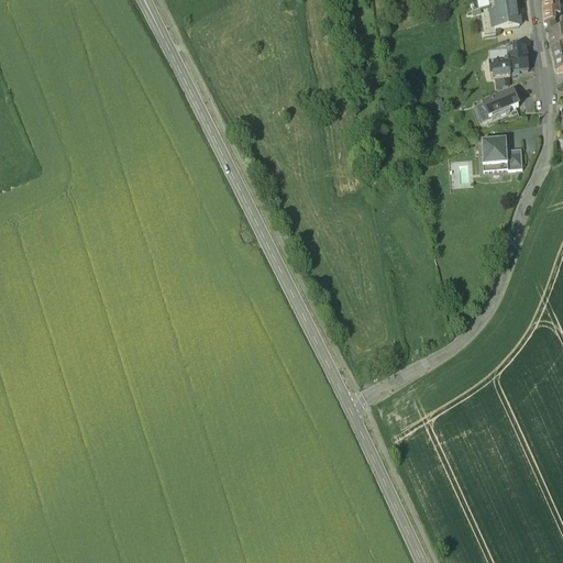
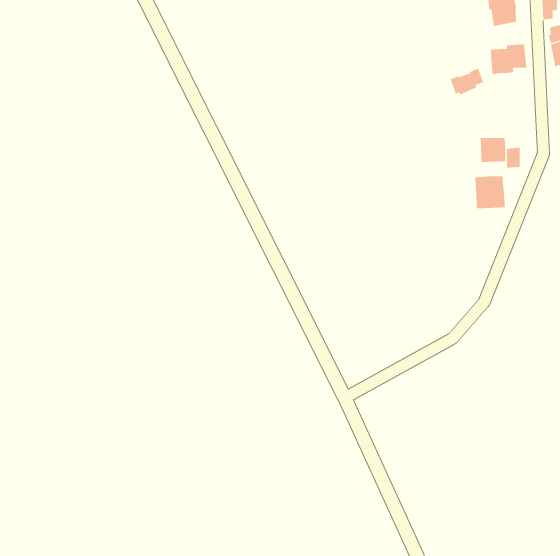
building: [484,88,518,115] -> [450,68,484,95]
building: none -> [475,176,505,209]

